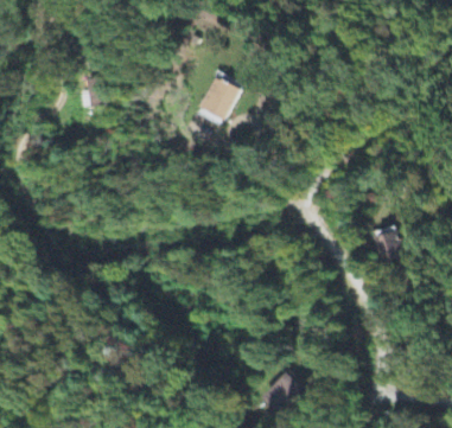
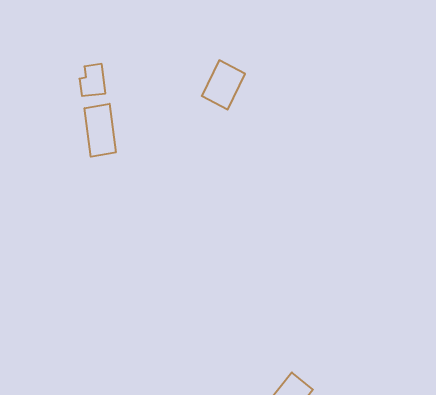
building: none -> [85,104,116,157]
building: [378,229,406,261] -> none

